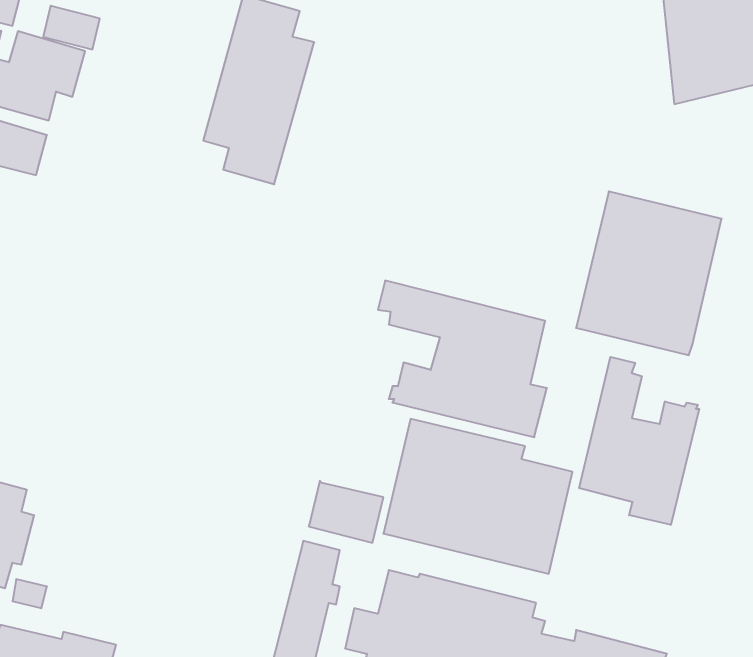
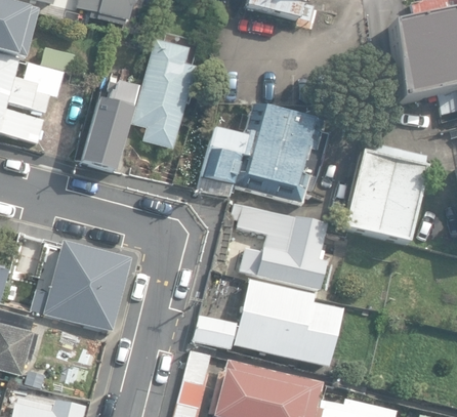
building: none -> [81,80,137,171]
building: none -> [198,105,328,202]
building: none -> [33,240,132,329]
building: [579,357,699,525] -> none

